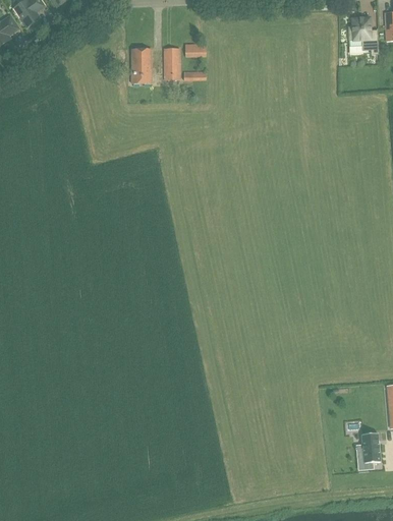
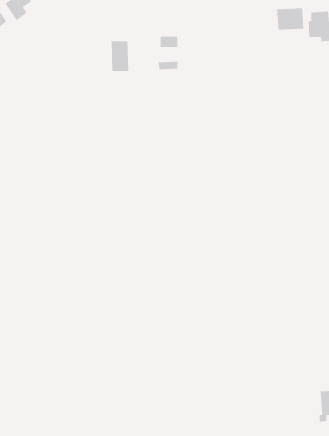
building: none -> [276,7,304,30]
building: [164,48,179,79] -> none

